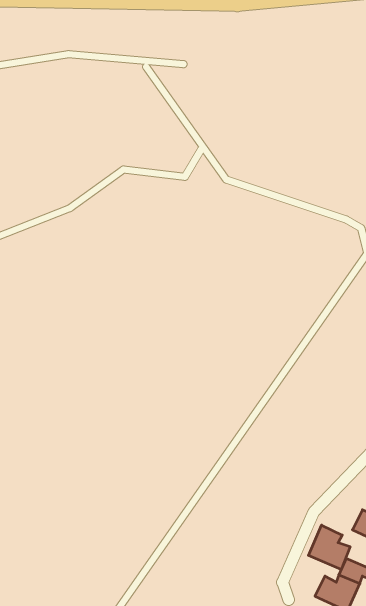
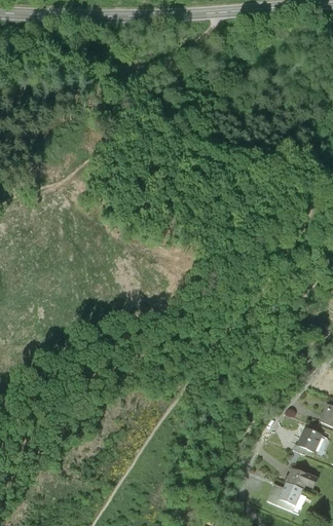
building: [308,525,350,569] -> none

